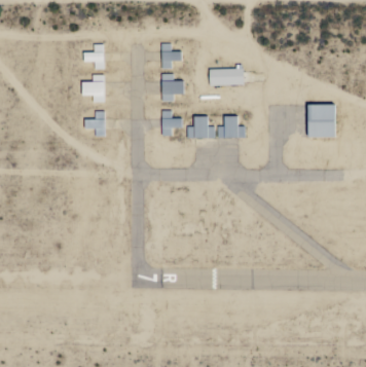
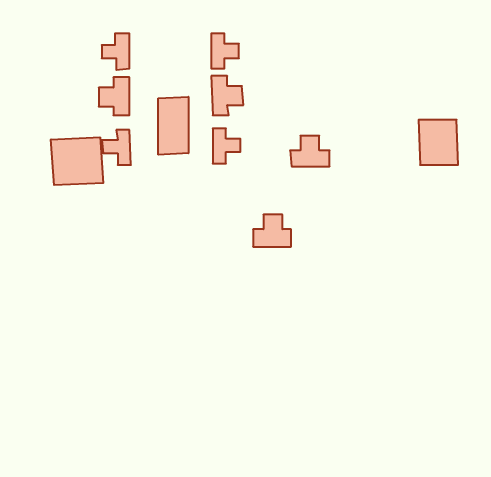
building: [209,65,244,86] -> none
building: none -> [158,97,188,155]
building: [187,116,214,139] -> [253,215,291,247]
building: none -> [51,137,103,185]

